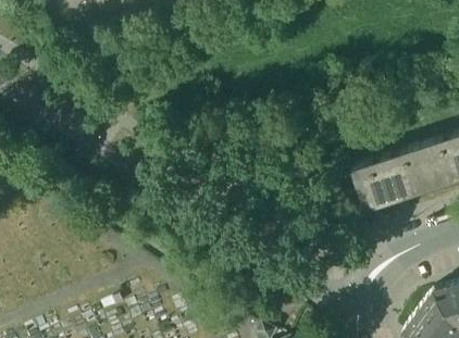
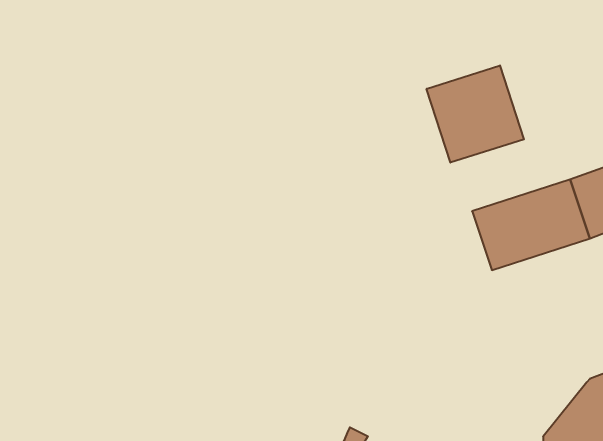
building: none -> [427,65,524,163]

